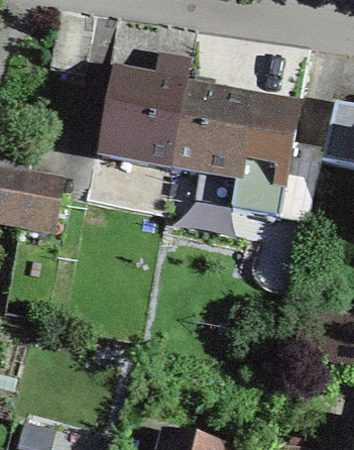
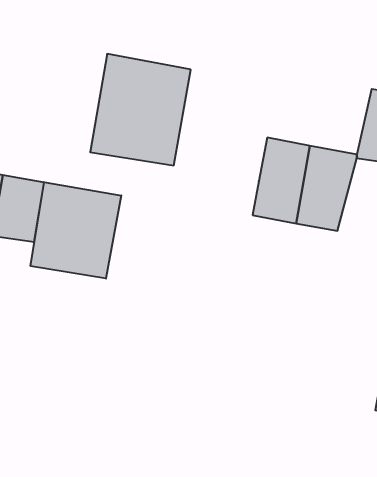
building: [170,84,256,177] -> none
building: none -> [31,182,121,279]

